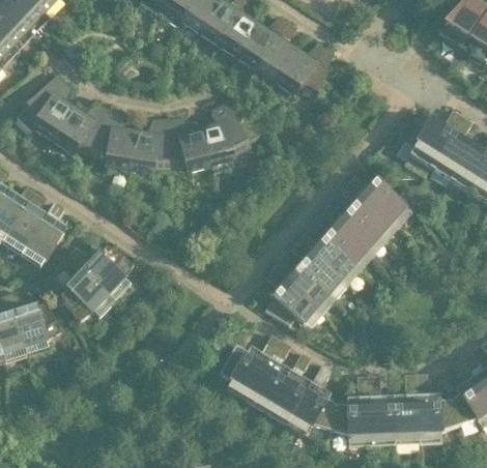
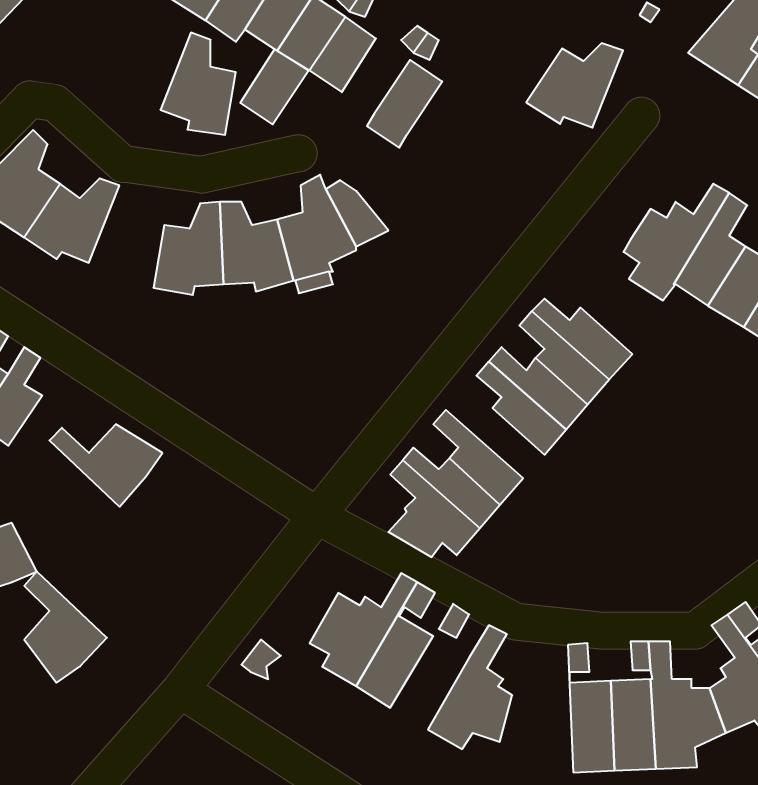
building: [237,25,277,68] -> [240,49,308,124]
building: [275,47,331,95] -> [526,43,623,128]
building: [91,110,135,169] -> [160,33,236,135]
building: [297,232,354,279] -> none
building: [61,257,109,321] -> [24,571,107,683]
building: [265,370,311,423] -> none
building: [328,375,371,449] -> none

